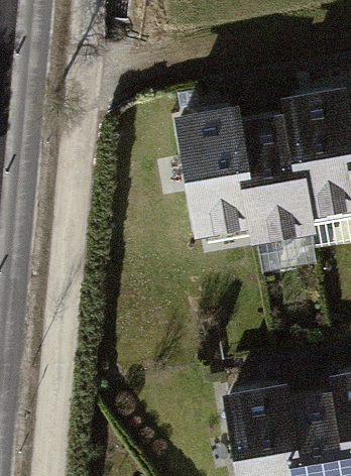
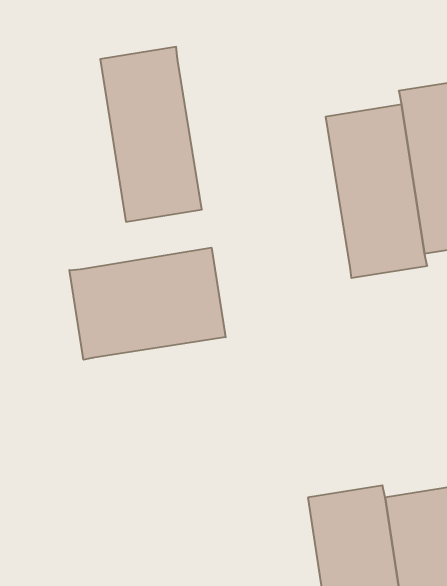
building: [186,99,261,229] -> [100,47,202,222]
building: none -> [69,248,226,360]

